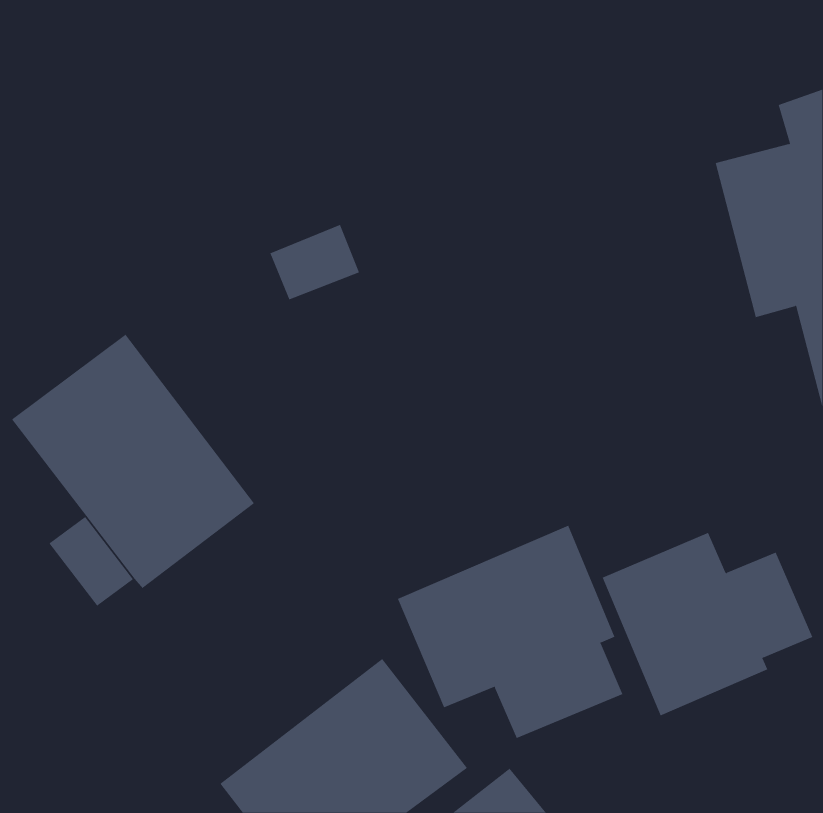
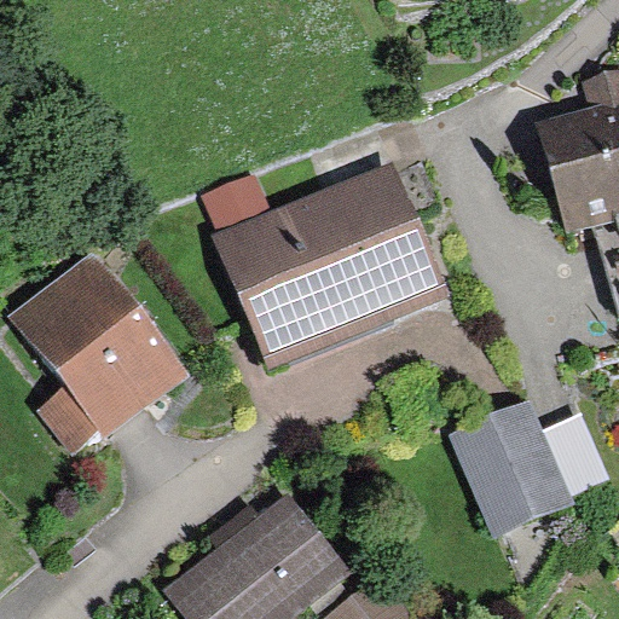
building: none -> [210,160,450,375]
building: [397,525,623,739] -> none

